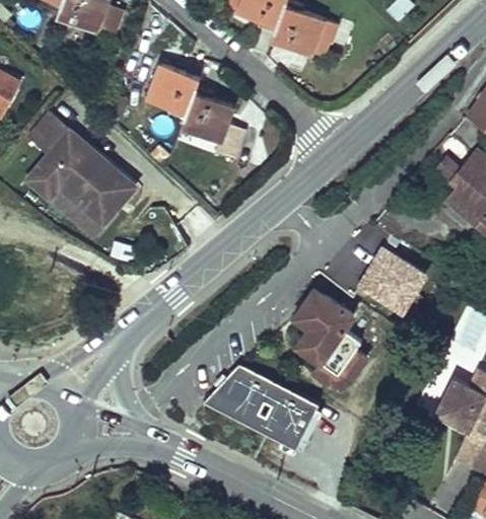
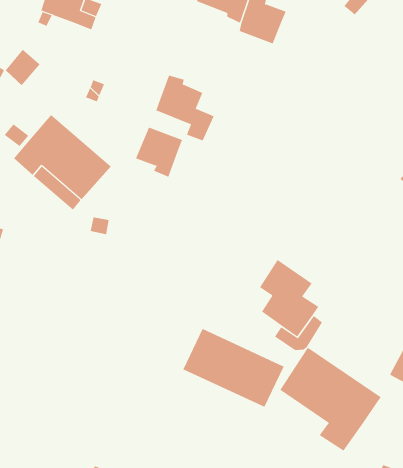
building: [147,64,199,119] -> [135,127,183,177]
building: [28,114,67,154] -> [5,49,40,86]
building: [354,244,429,315] -> none
building: none -> [279,347,381,452]

